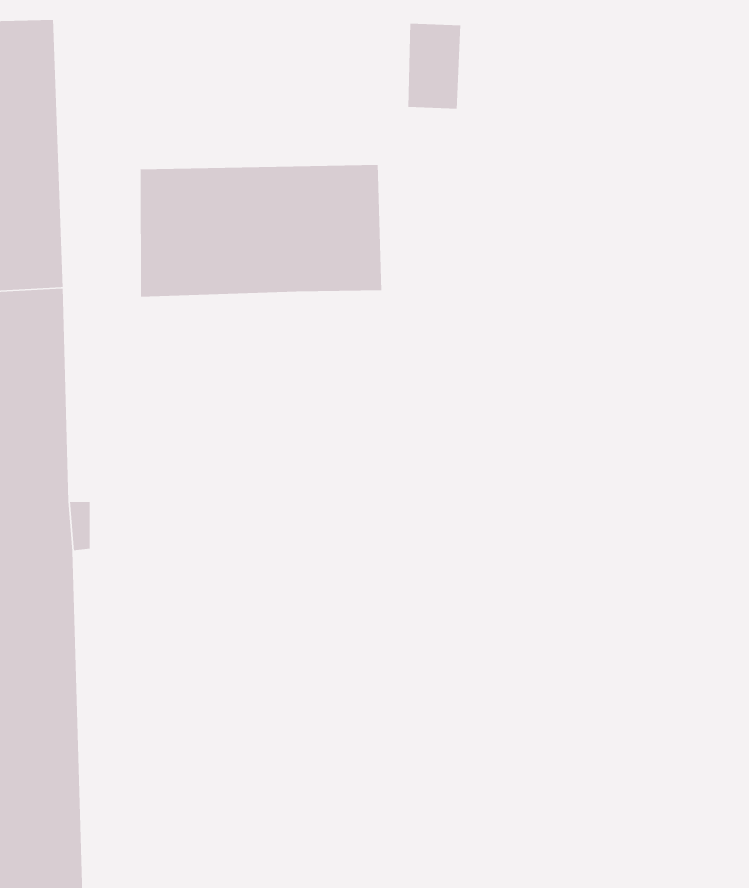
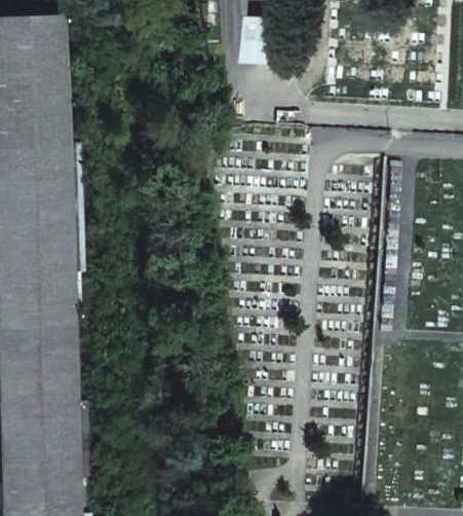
building: [140,164,382,298] -> none

